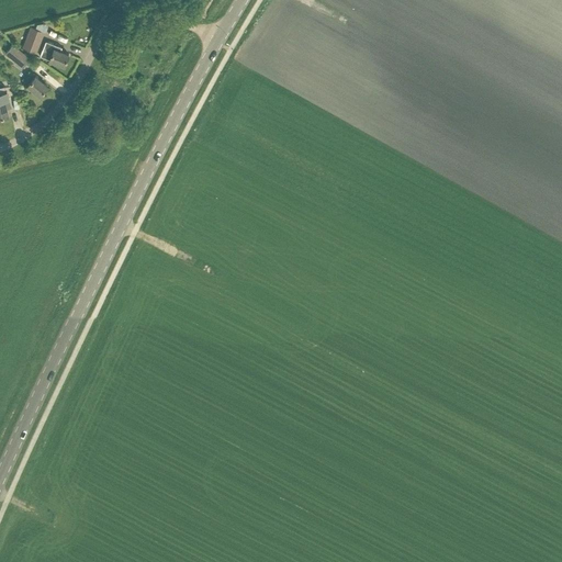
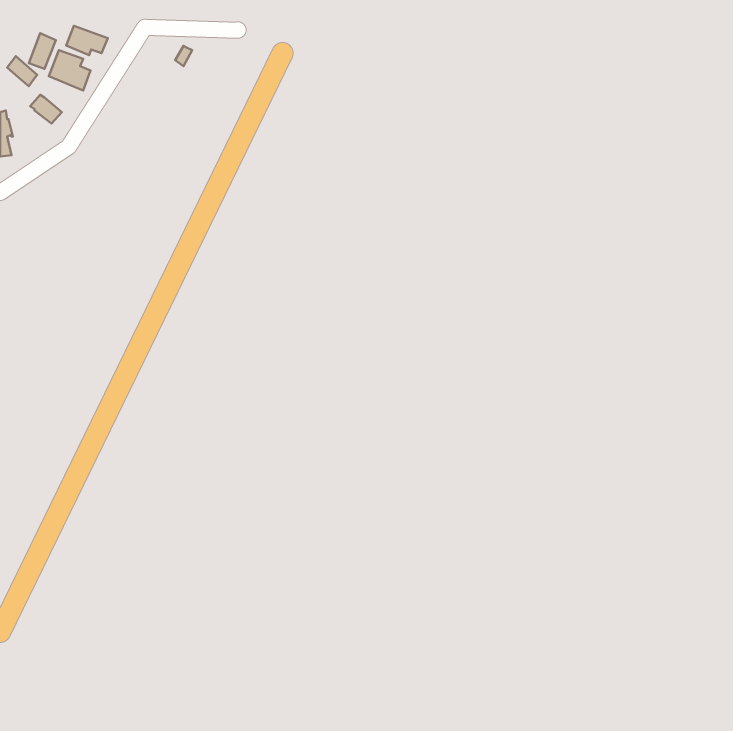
building: none -> [66,26,108,55]

